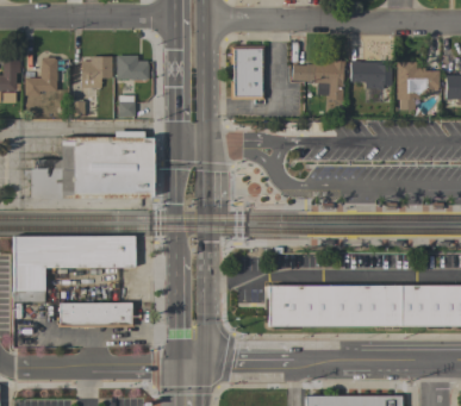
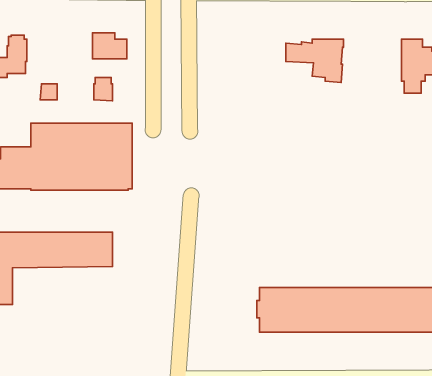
building: [231,45,266,100] -> none
building: [82,56,113,88] -> none
building: [351,61,393,89] -> none
building: [58,302,135,327] -> none

